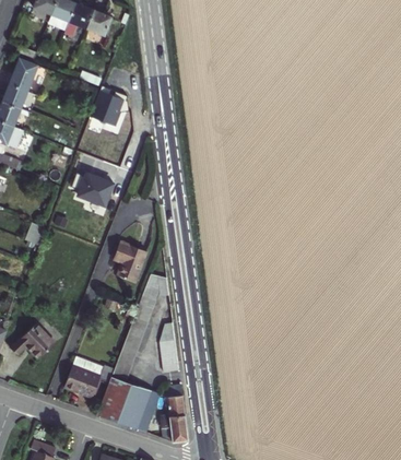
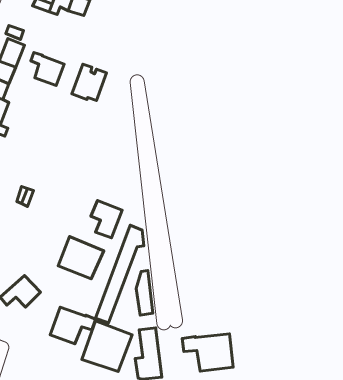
building: none -> [31,52,64,86]
building: [72,174,115,209] -> none
building: none -> [58,237,104,279]
building: none -> [182,334,233,371]

